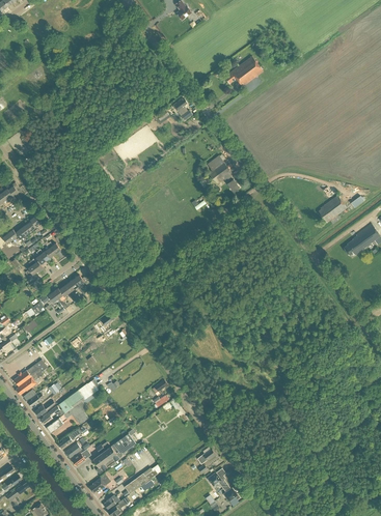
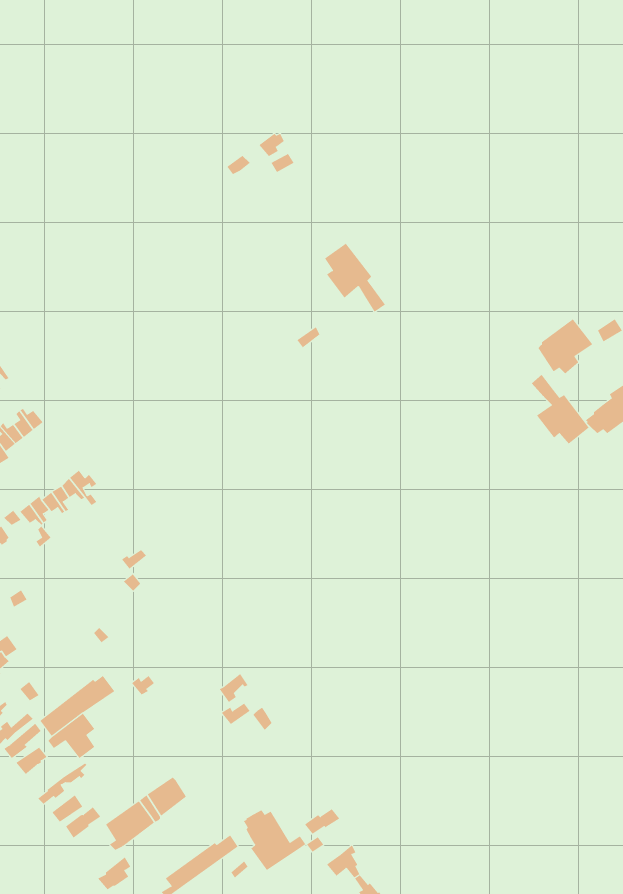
building: [225,56,264,87] -> none
building: none -> [531,374,590,444]
building: none -> [243,810,306,871]

